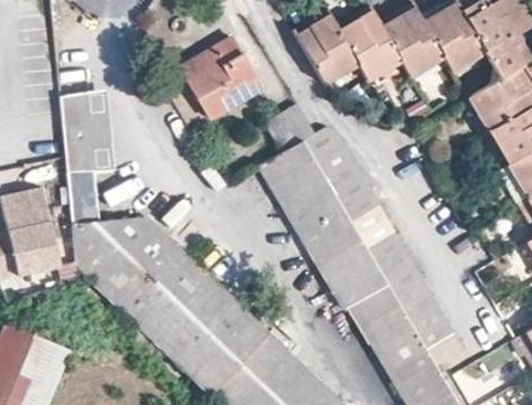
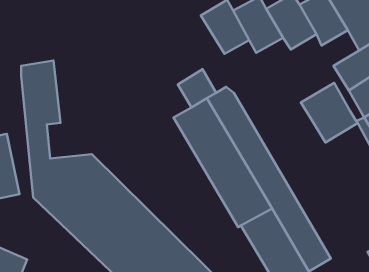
building: [178,34,264,121] -> none
building: none -> [301,83,358,142]

